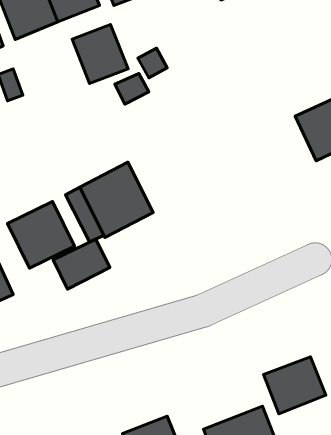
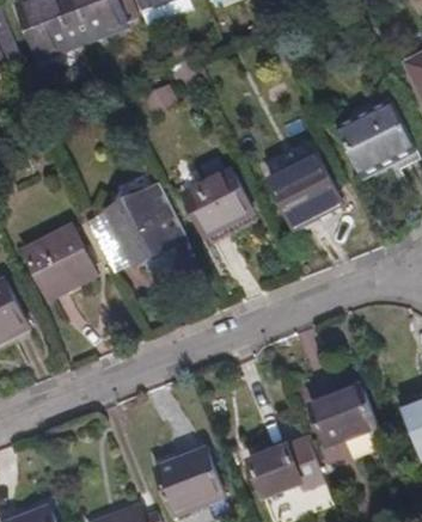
building: [72,25,128,84] -> none
building: none -> [271,156,343,229]
building: none -> [184,168,253,238]
building: [53,239,110,289] -> none

